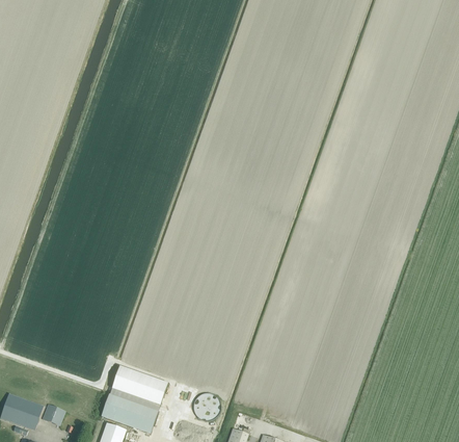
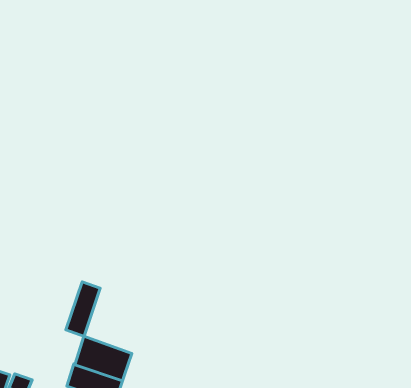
building: none -> [66,282,100,337]

